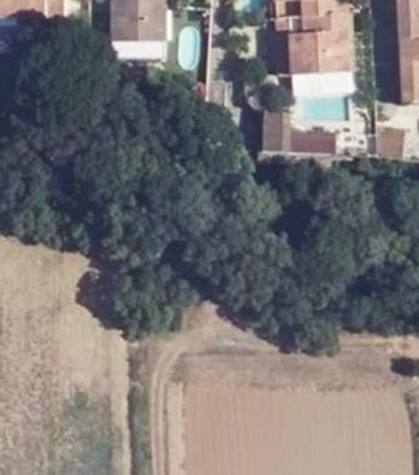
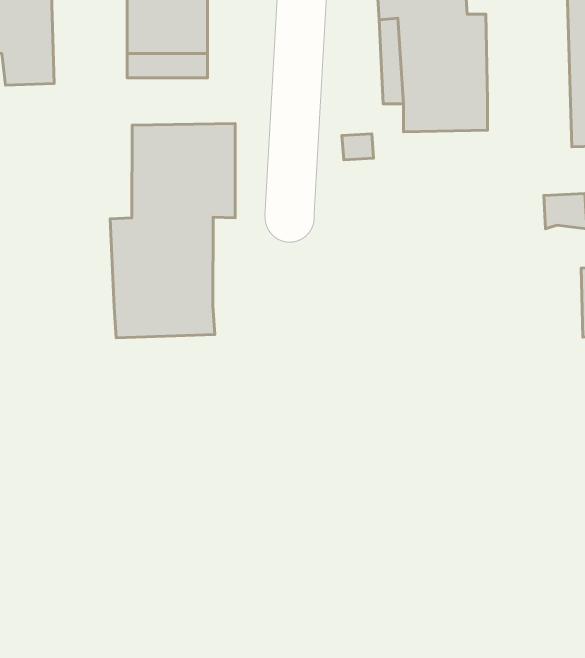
building: none -> [110,124,235,338]
building: [265,111,337,158] -> none

